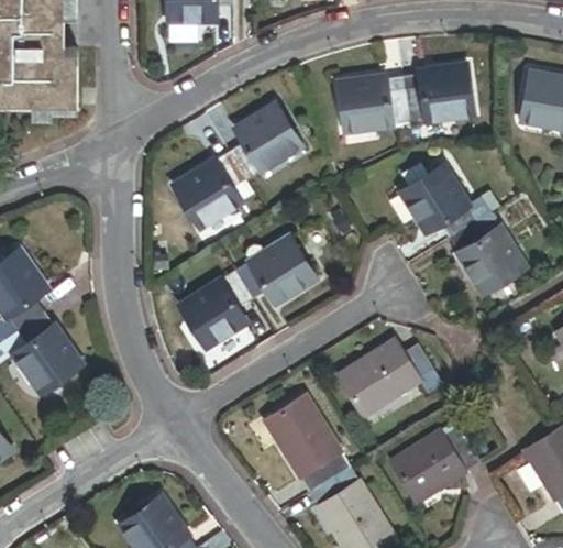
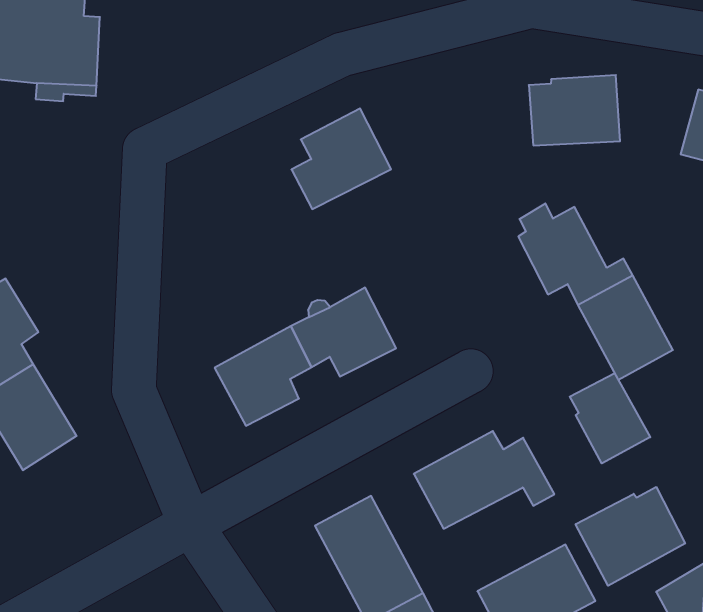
building: [338,76,408,132] -> none
building: [174,153,245,229] -> none
building: none -> [570,373,650,463]
building: none -> [576,487,685,586]

